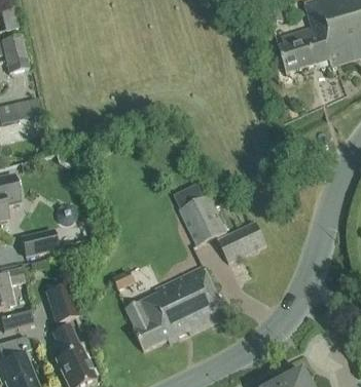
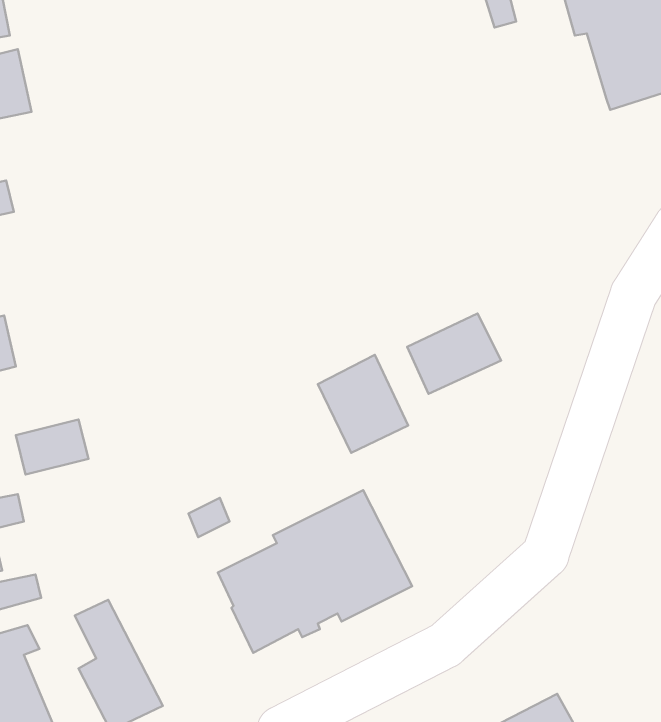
building: [279,25,330,72] -> none
building: [218,220,267,262] -> [407,313,501,394]
building: [44,282,80,321] -> none

